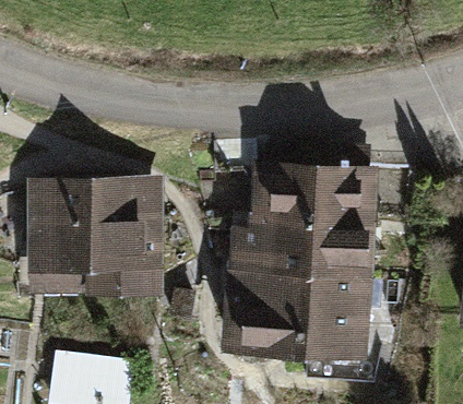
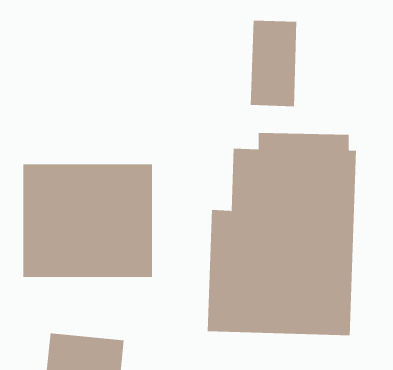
building: none -> [250,20,297,107]

